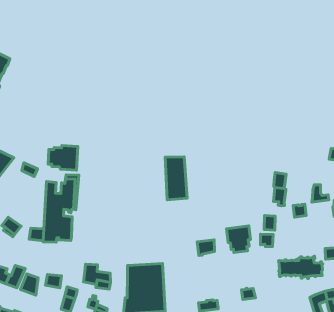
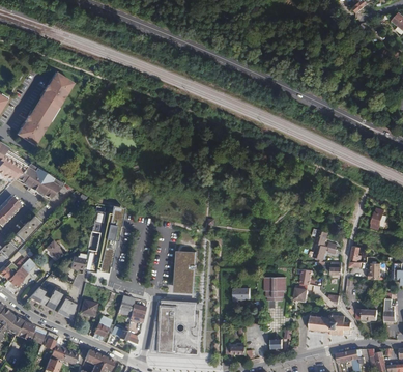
building: [48,146,78,170] -> none
building: [165,157,187,200] -> [174,250,196,292]

